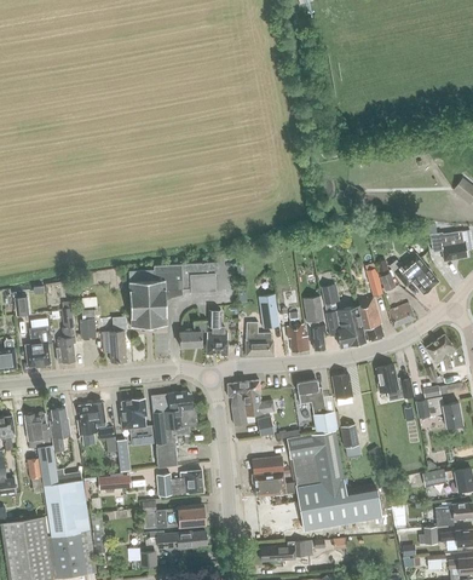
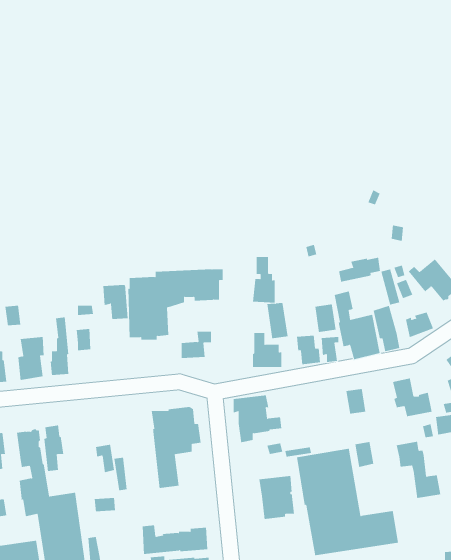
building: none -> [338,257,381,283]
building: [204,311,226,355] -> [252,256,275,303]
building: [102,331,126,363] -> [102,285,128,320]
building: [295,379,338,432] -> [396,441,441,498]
building: [119,398,152,442] -> none
building: [77,402,104,435] -> none
building: [156,470,203,496] -> none

